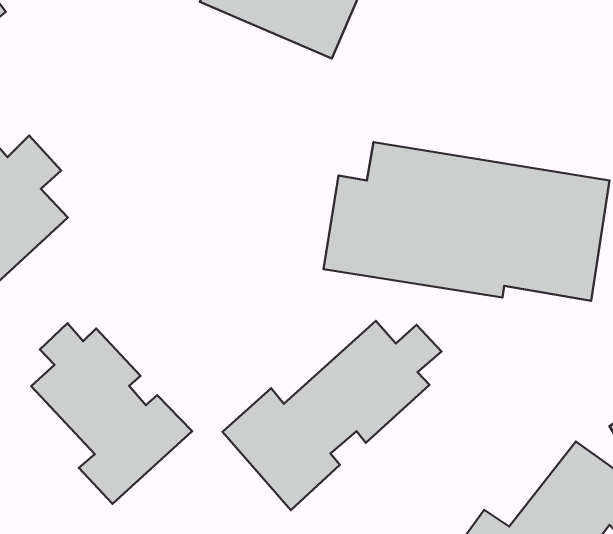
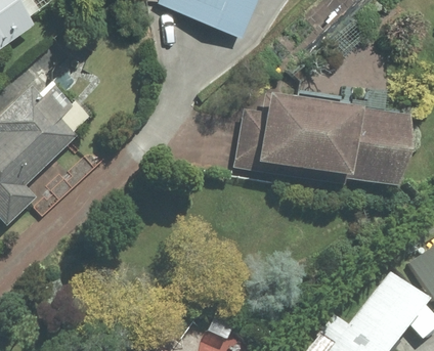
building: [222,321,442,510] -> none
building: [31,323,192,504] -> none

